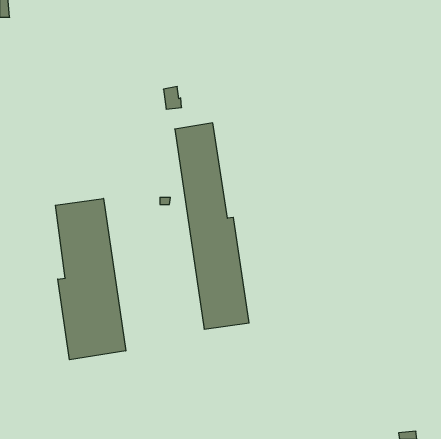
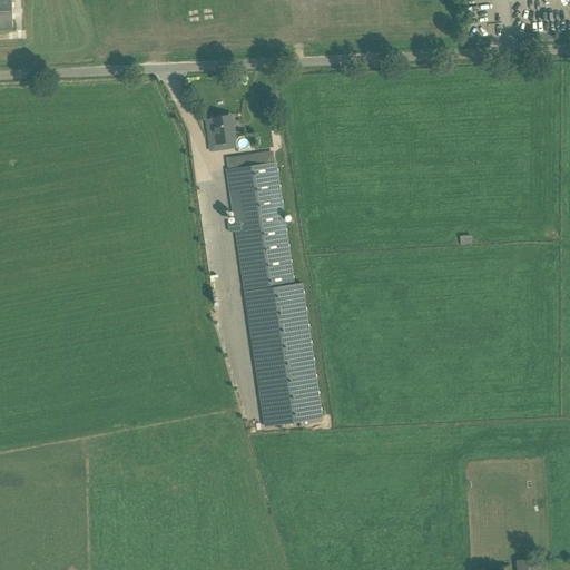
building: [55,198,126,360] -> none

